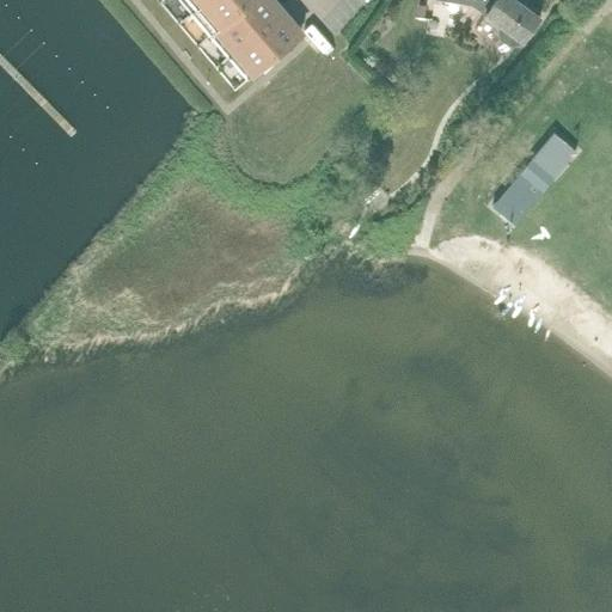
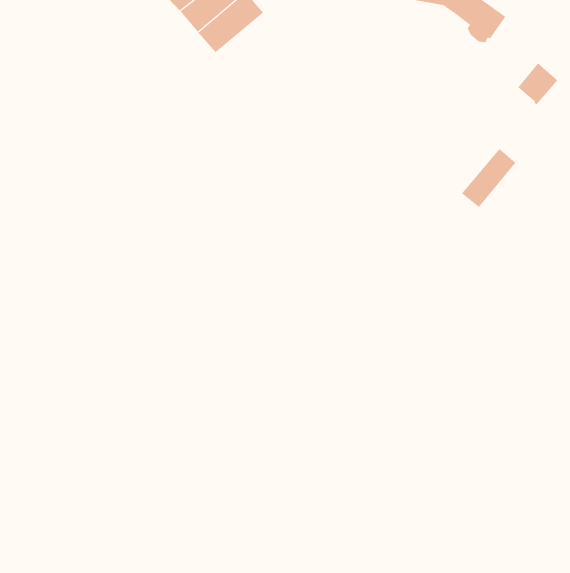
building: [233,13,304,79] -> none
building: [536,131,579,177] -> [518,62,558,105]

